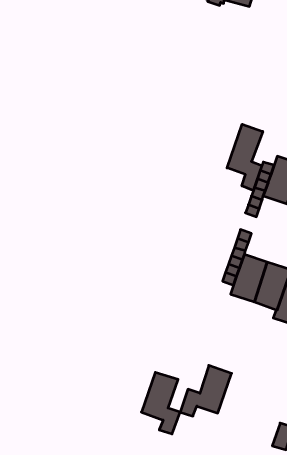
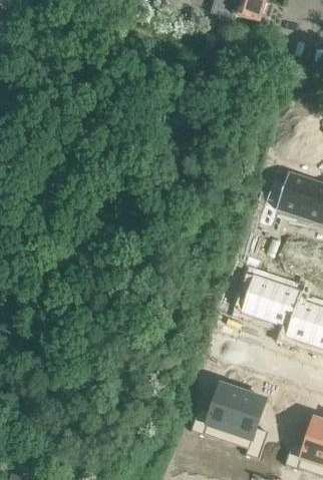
building: [227,124,263,190] -> none
building: [141,372,180,434] -> [229,392,268,454]

